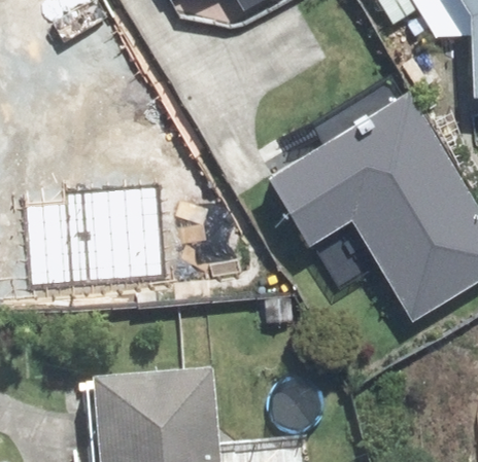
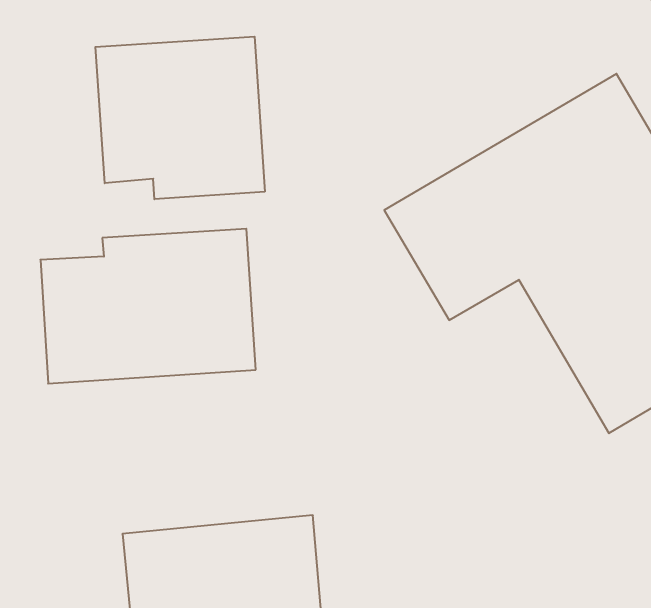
building: none -> [95,37,265,199]

